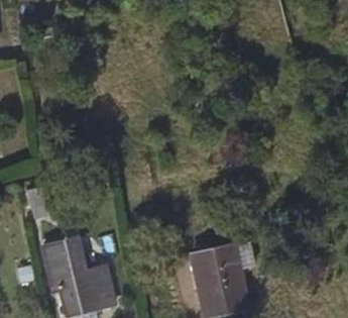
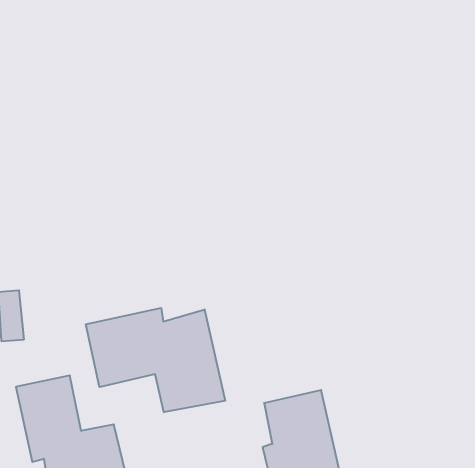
building: none -> [86,308,225,412]

